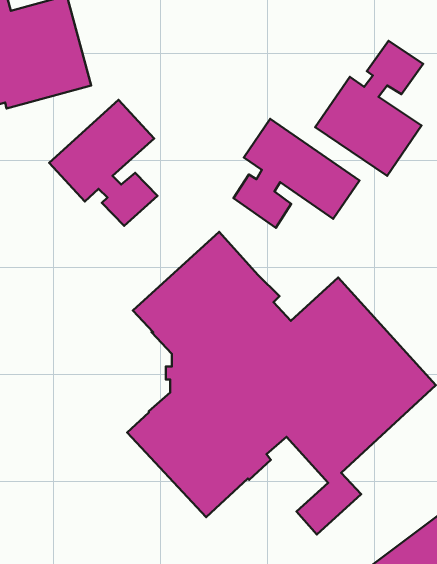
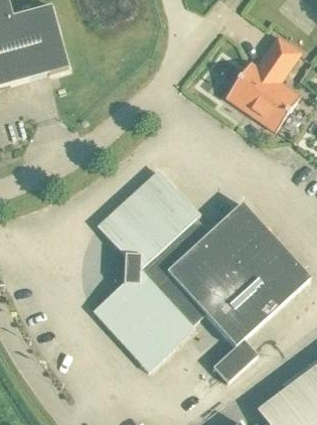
building: [49,100,157,226] -> none
building: [233,119,359,228] -> none

